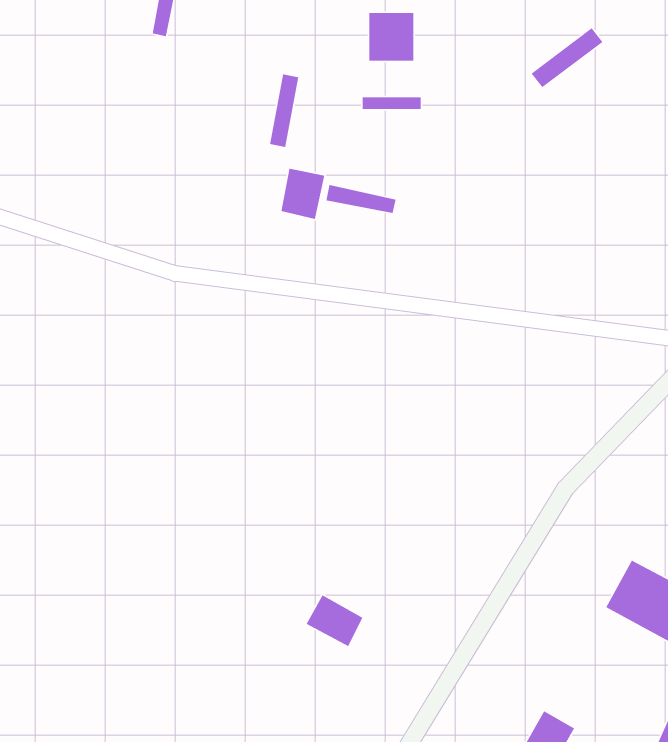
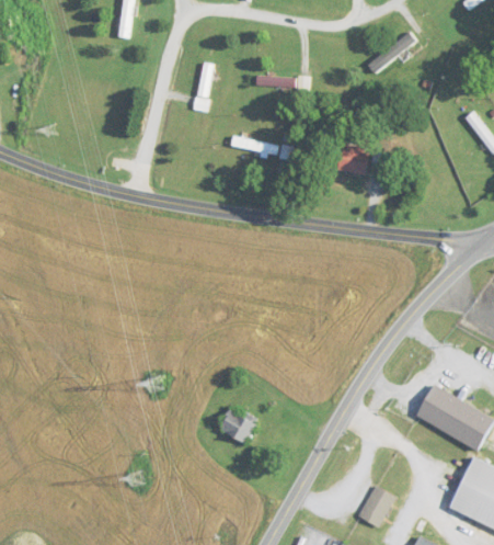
building: [369,12,414,62] -> none
building: [280,168,325,220] -> none
building: none -> [336,144,370,178]

